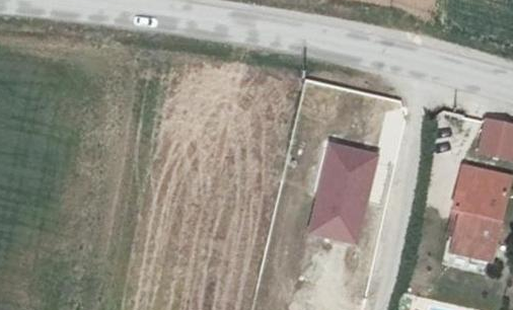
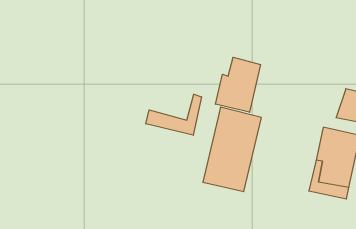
building: none -> [216,57,261,112]
building: none -> [146,94,201,135]

